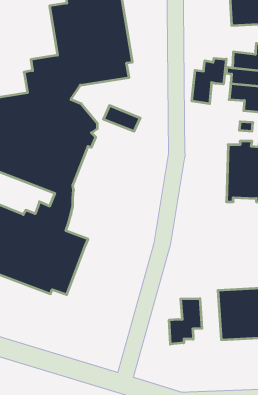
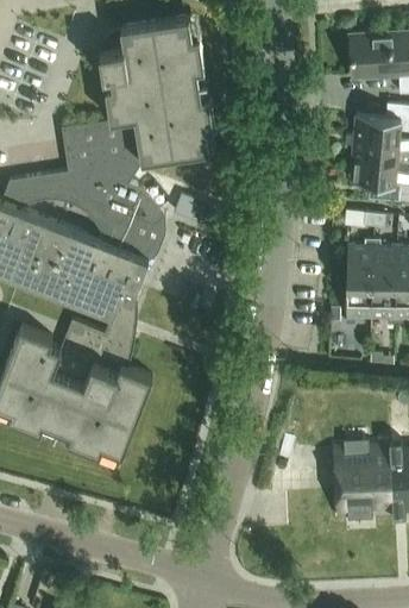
building: [192,58,226,104] -> none
building: [169,299,202,344] -> none

